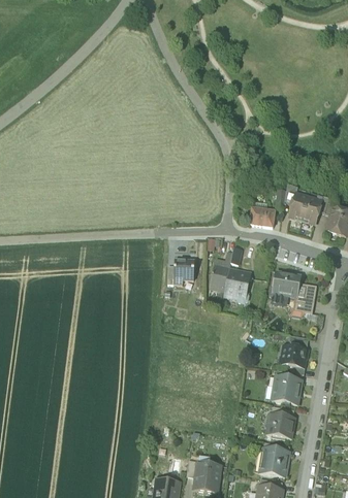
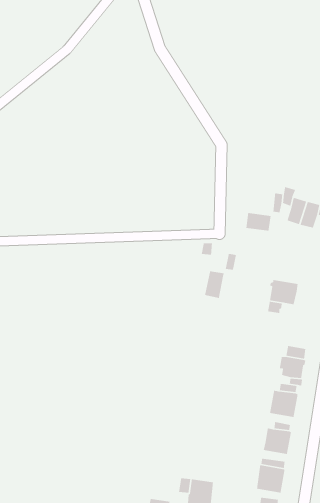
building: [173,260,194,284] -> none
building: [224,268,252,301] -> none
building: [293,283,316,312] -> none

